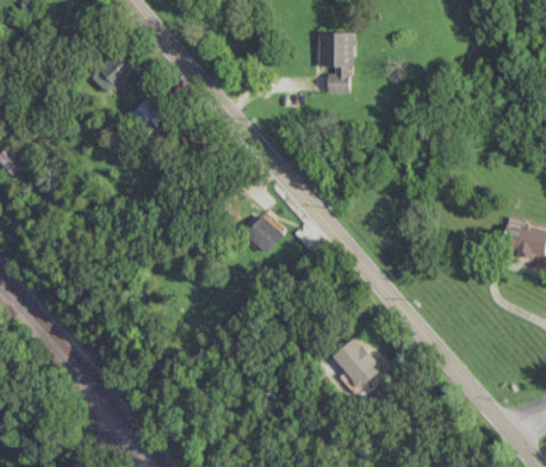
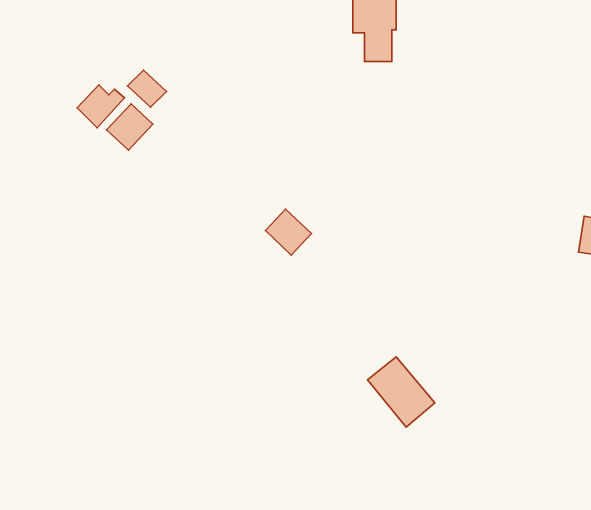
building: [93,57,132,93] -> [77,85,125,128]
building: none -> [107,104,153,150]

